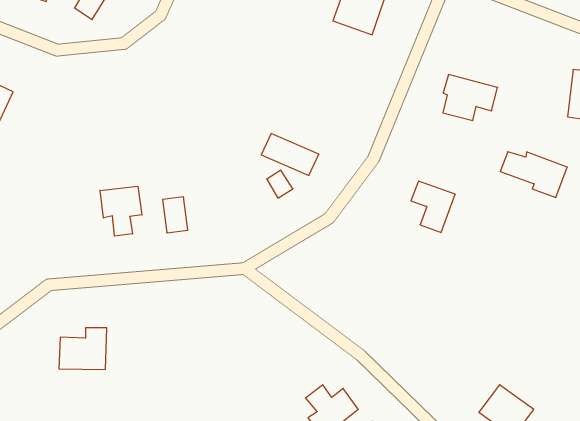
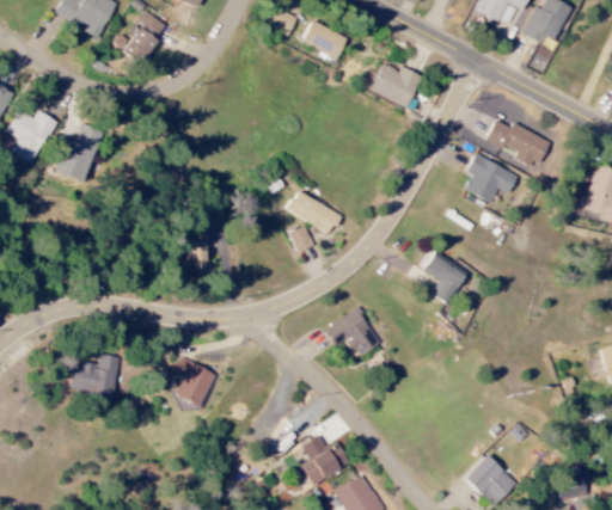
building: none -> [55,124,100,182]
building: [500,152,567,197] -> [486,121,551,170]
building: [100,186,142,236] -> none
building: none -> [324,309,379,357]
building: none -> [172,357,216,407]

